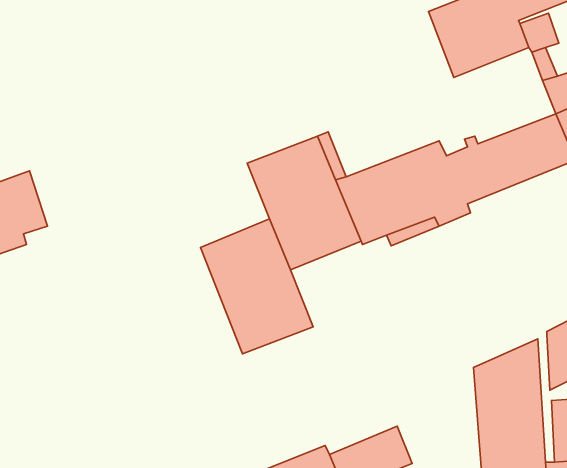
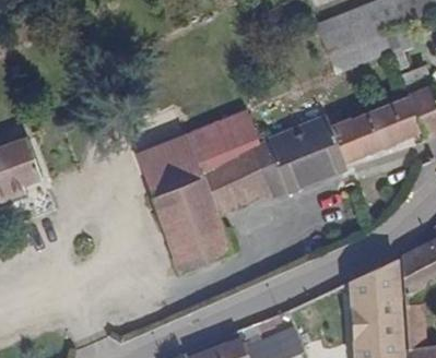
building: none -> [134,133,201,194]

